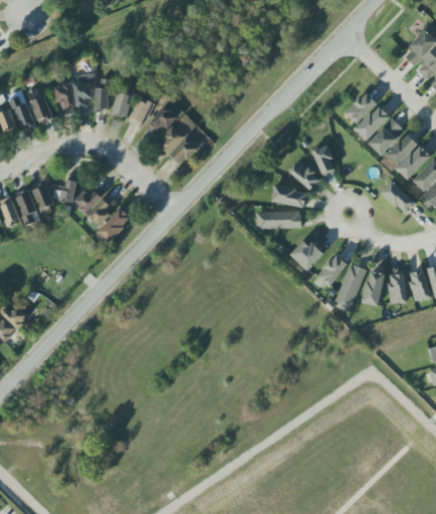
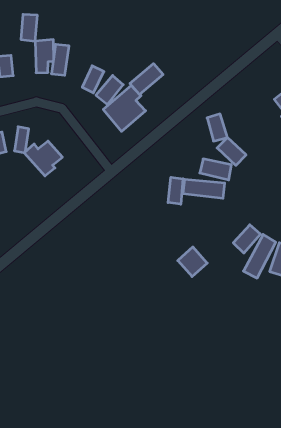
building: [56,84,73,113] -> [21,14,37,41]
building: none -> [130,64,163,94]
building: [112,91,132,117] -> none
building: [311,145,337,176] -> [207,114,227,141]
building: [96,207,131,243] -> none
building: none -> [168,177,183,204]
building: [289,238,322,271] -> [178,247,207,277]

